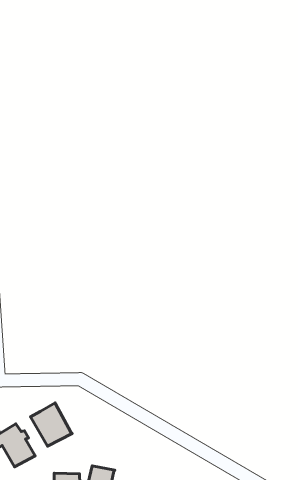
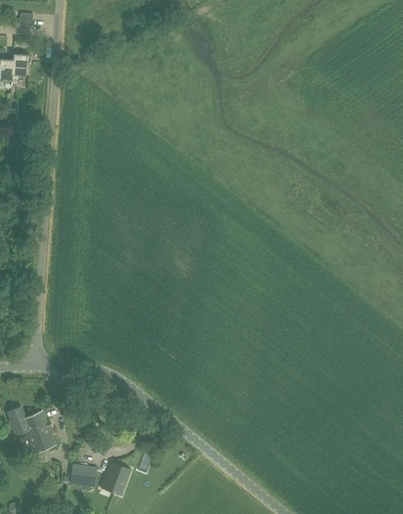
building: [31,403,72,446] -> none

